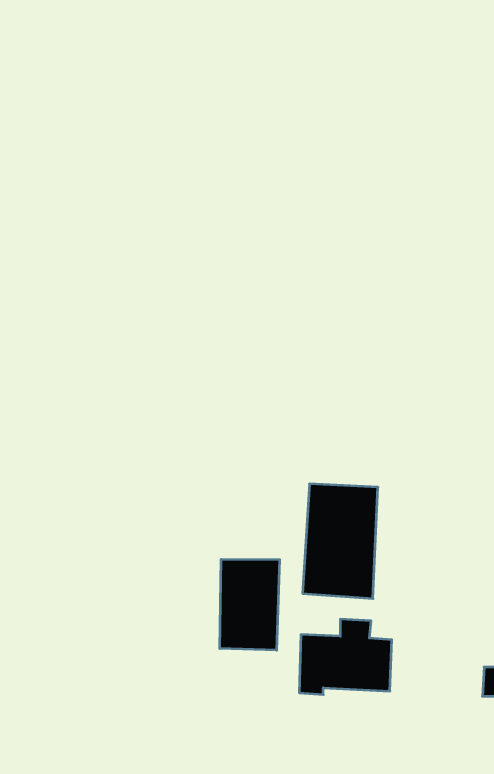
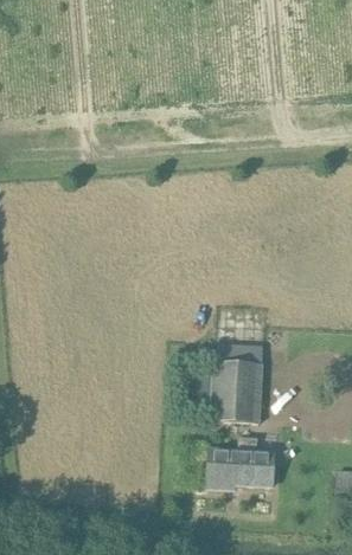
building: [220,559,280,650] -> none

